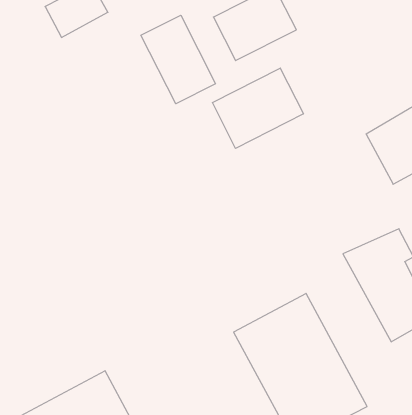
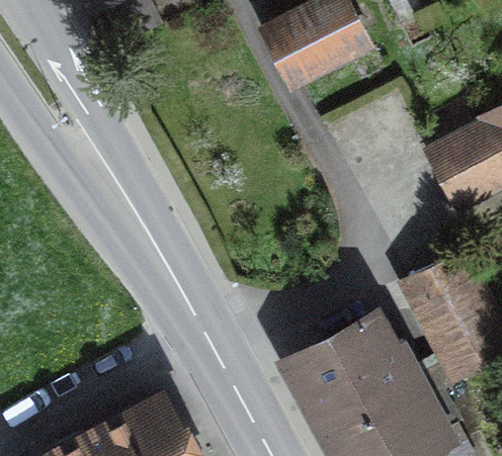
building: [141,15,215,104] -> none
building: [212,68,303,148] -> none

